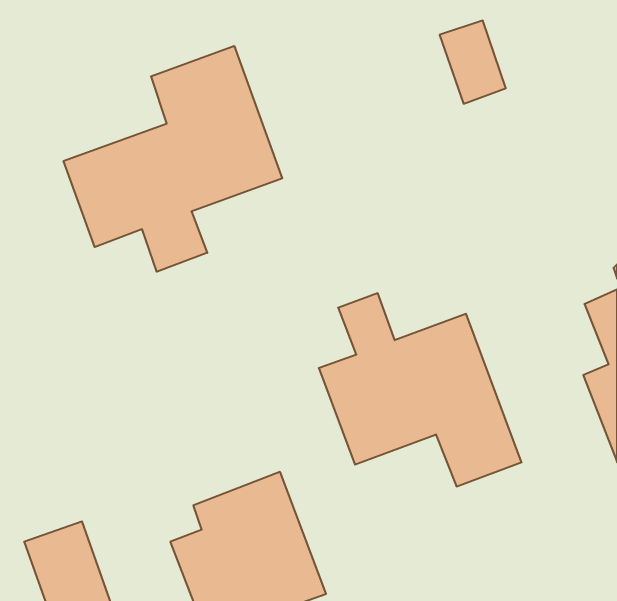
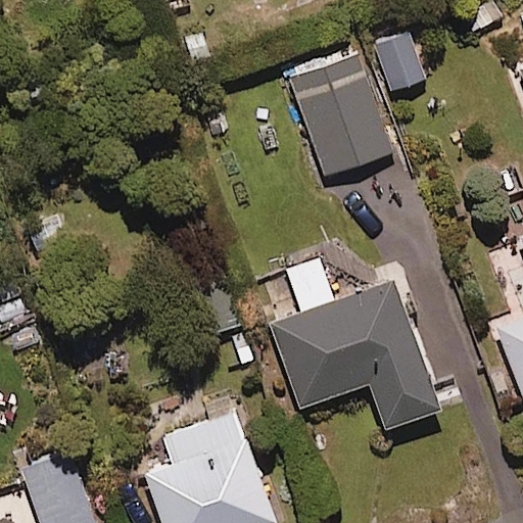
building: [64,46,282,272] -> none
building: none -> [289,54,395,183]

